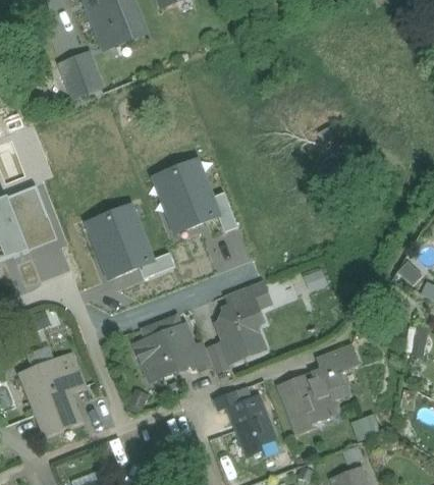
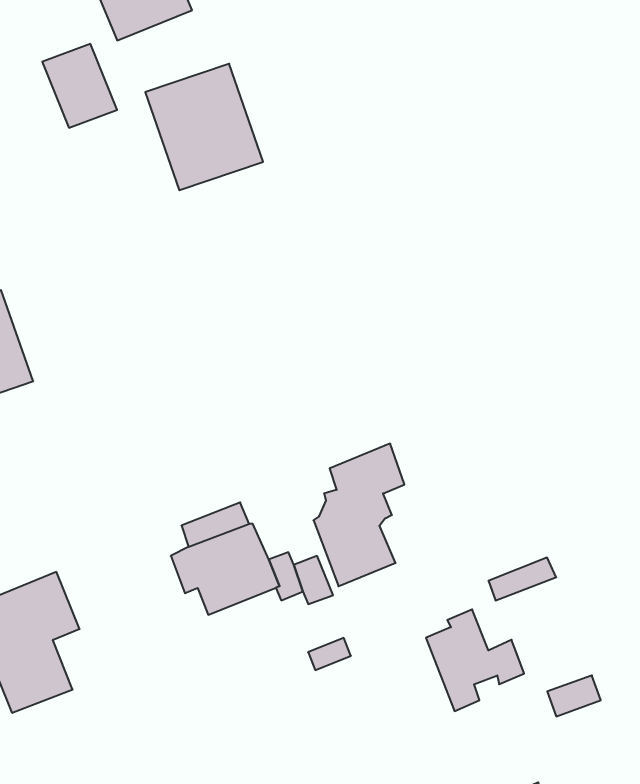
building: [150,159,217,231] -> [145,64,263,190]
building: [86,203,154,280] -> none
building: [308,356,359,399] -> none
building: [232,396,272,453] -> none

